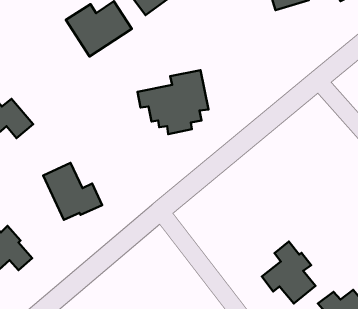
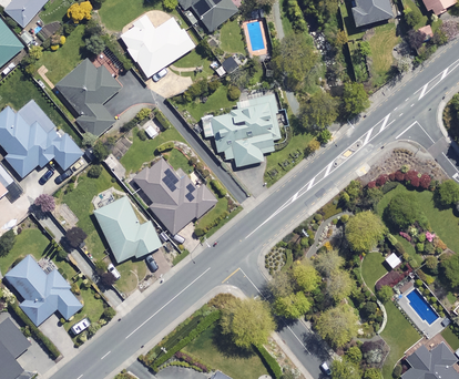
building: none -> [55,60,120,140]
building: none -> [134,156,215,233]
building: [262,242,316,303] -> none

